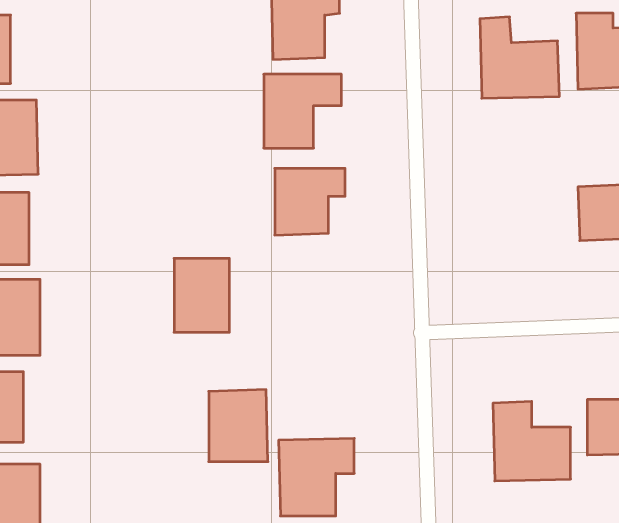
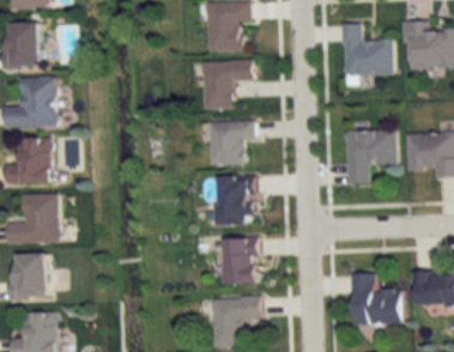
building: none -> [346,129,397,183]
building: [174,258,229,332] -> [217,177,253,225]
building: [209,390,268,462] -> [223,237,261,284]

